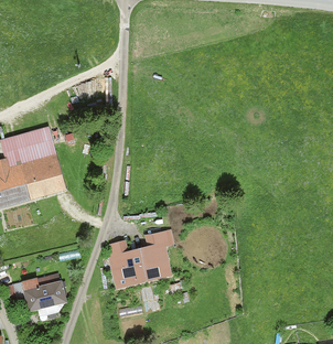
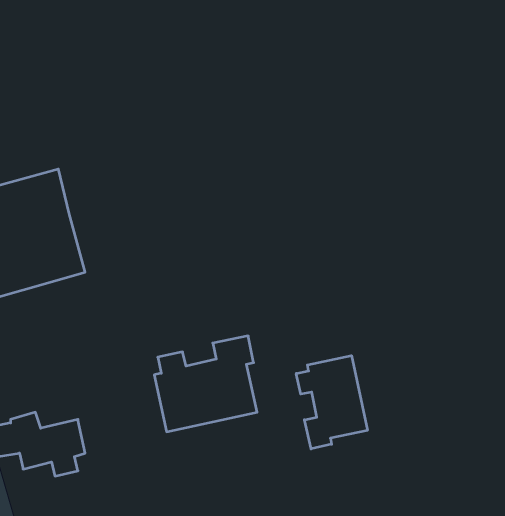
building: none -> [296,356,367,449]

